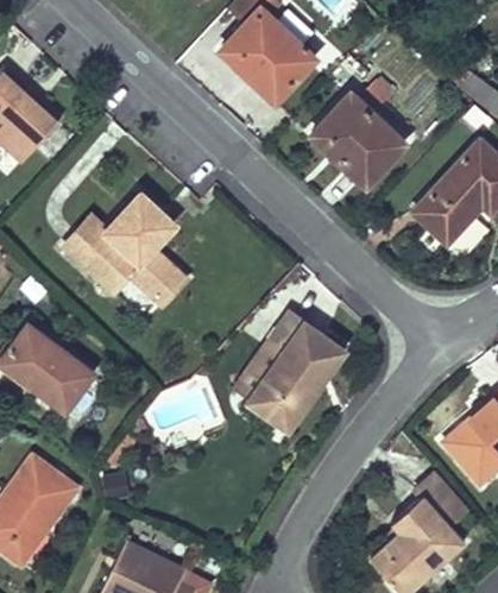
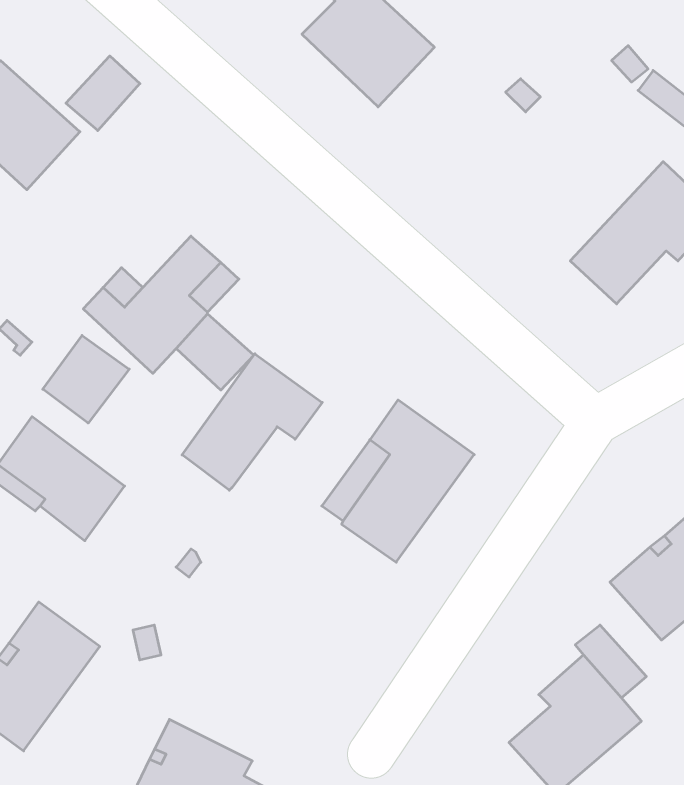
building: none -> [66,56,140,131]
building: [311,92,406,185] -> none
building: none -> [43,335,129,423]
building: none -> [182,354,322,490]

